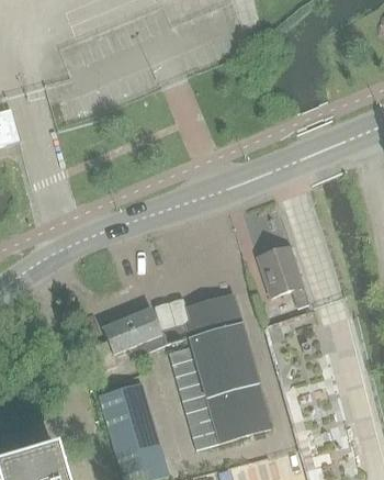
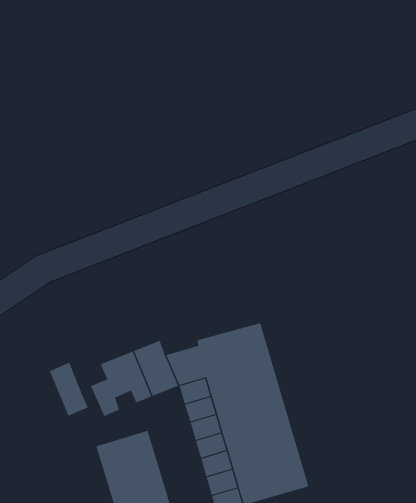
building: [257,245,309,306] -> none
building: none -> [49,362,89,417]

